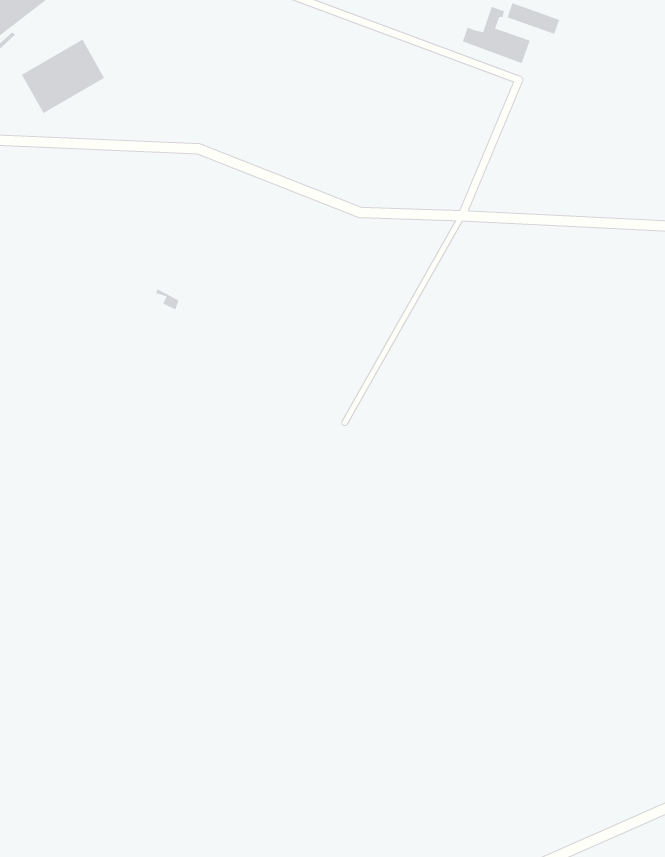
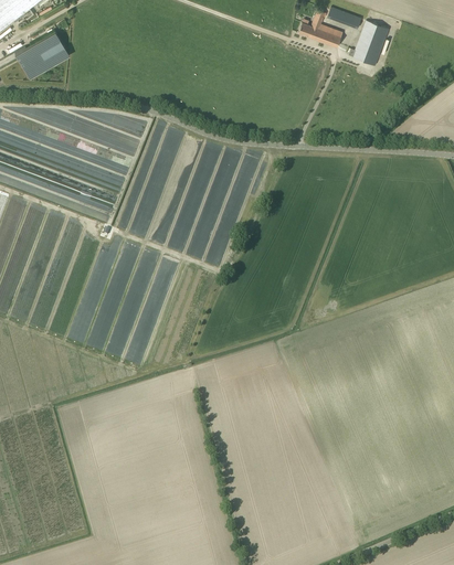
building: none -> [349,19,390,65]

